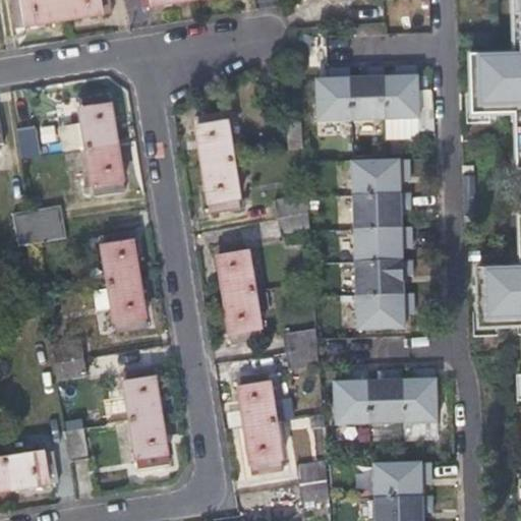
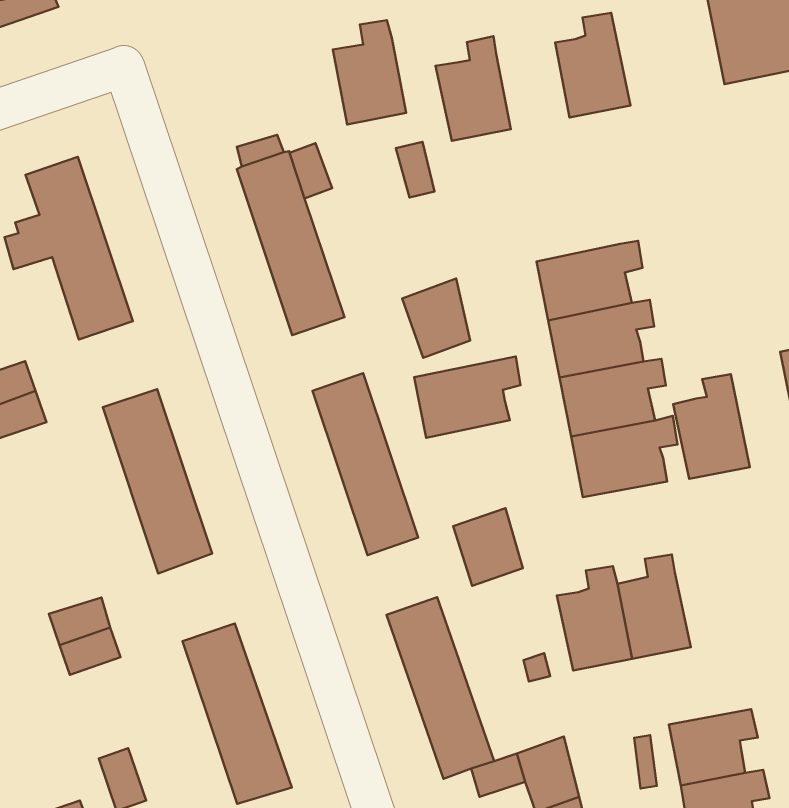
building: [349,66,384,120] -> [333,20,406,125]
building: [351,159,409,195] -> [414,356,521,438]
building: [400,368,437,422] -> [673,374,750,479]

